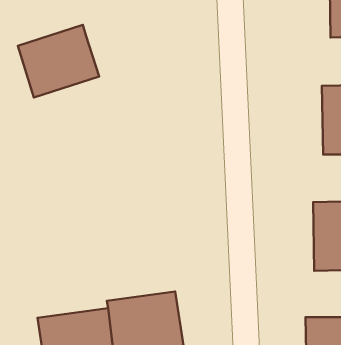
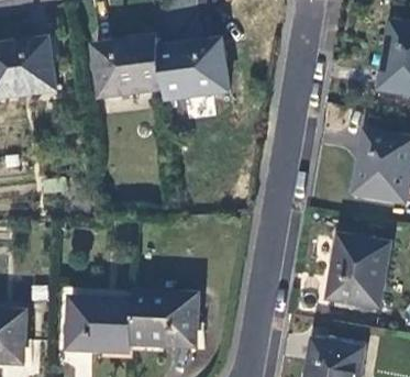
building: none -> [157,38,226,99]

